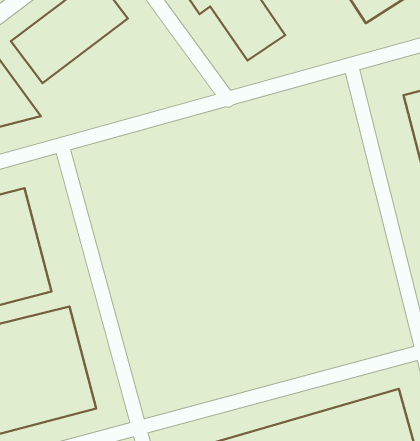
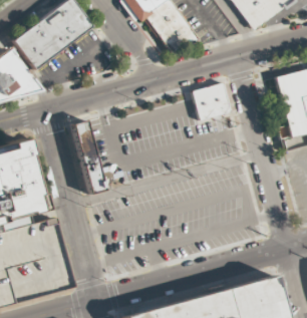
building: none -> [193,83,232,120]
building: none -> [72,119,106,194]

